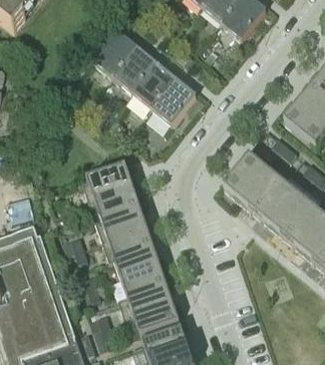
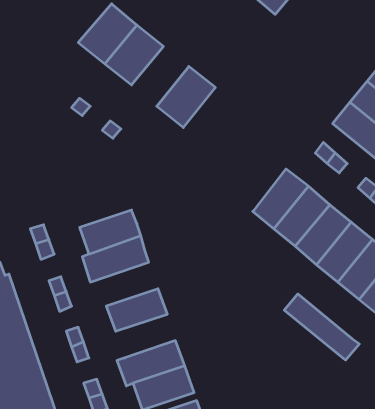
building: [131,62,175,107] -> none
building: [80,165,131,201] -> none
building: [100,225,151,260] -> none
building: none -> [284,294,359,360]
building: [119,264,165,297] -> none

